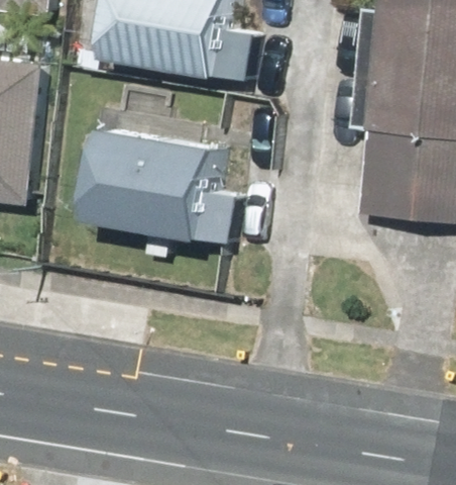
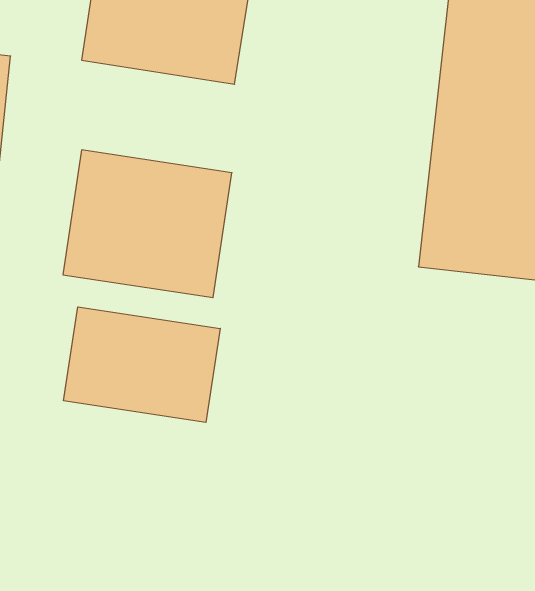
building: none -> [64,307,220,422]

